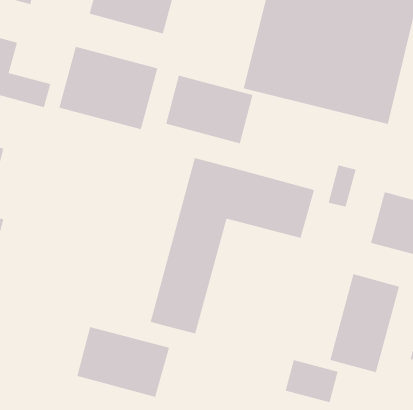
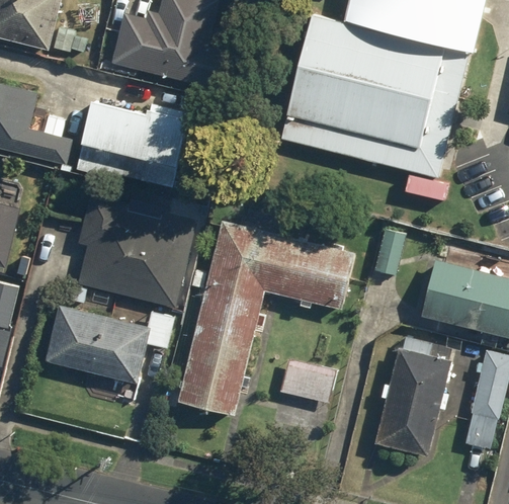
building: [166,75,253,144] -> none
building: none -> [77,192,197,308]
building: [77,326,170,397] -> [46,306,148,384]
building: [285,360,338,403] -> [279,355,338,403]

